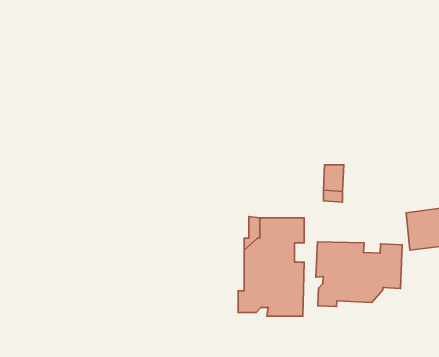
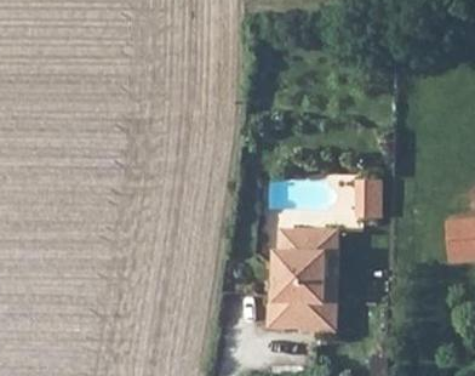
building: [316,242,402,307] -> none

